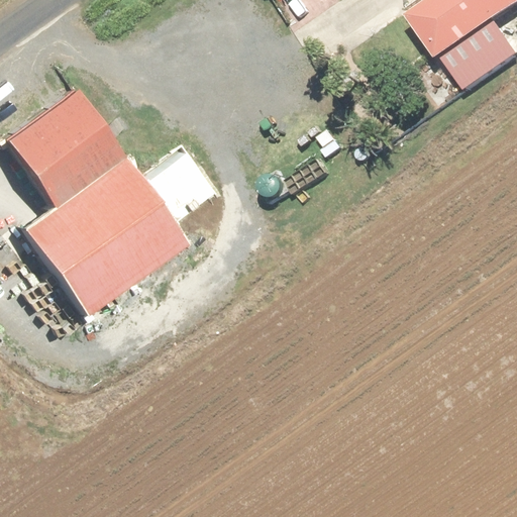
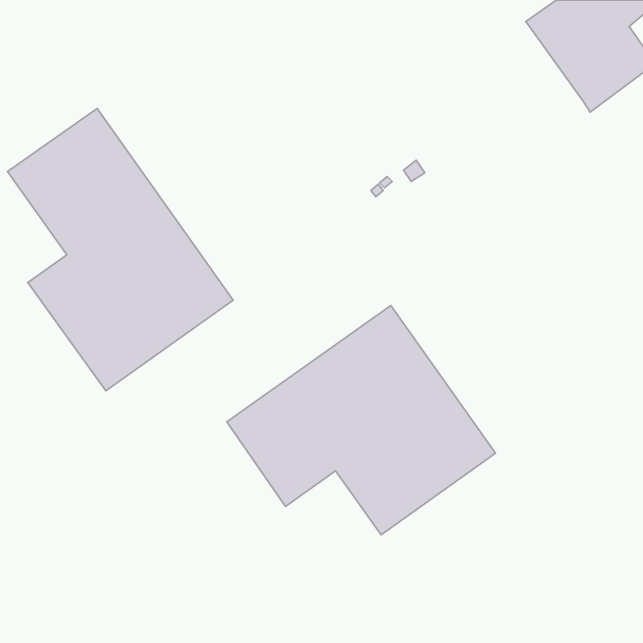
building: none -> [227,306,496,535]

